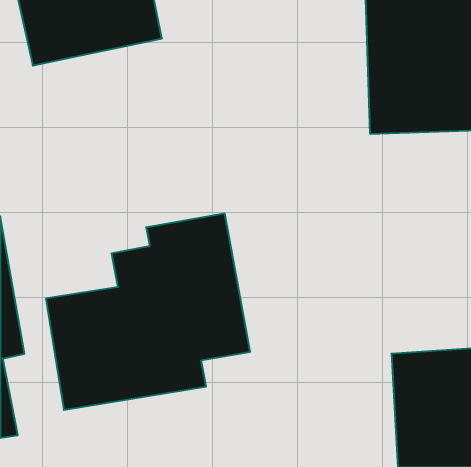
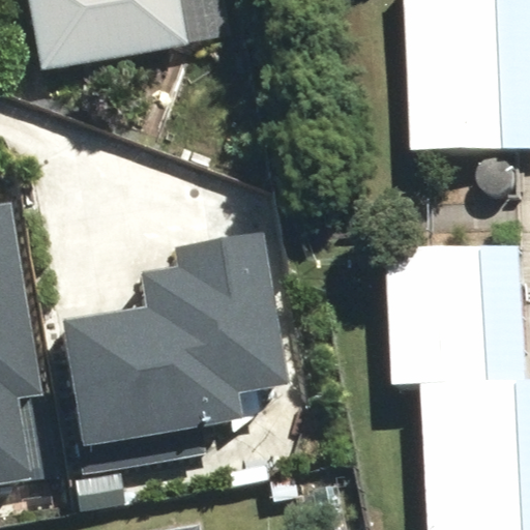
building: none -> [413,240,505,372]

